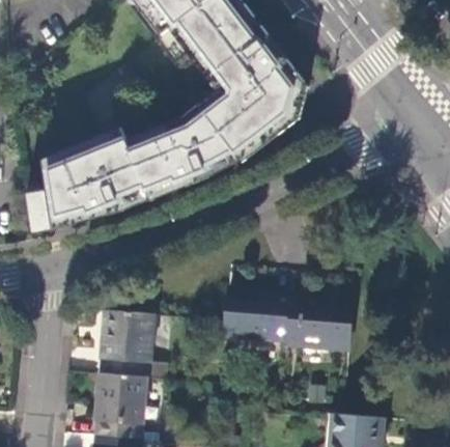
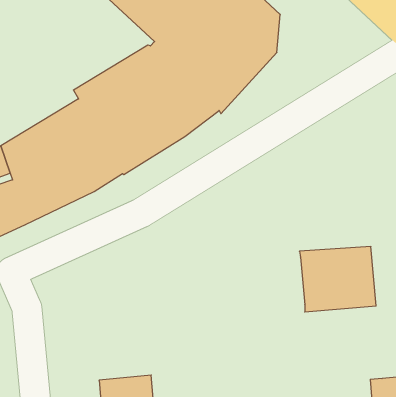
building: [225,286,290,338] -> none
building: [100,310,153,376] -> none

